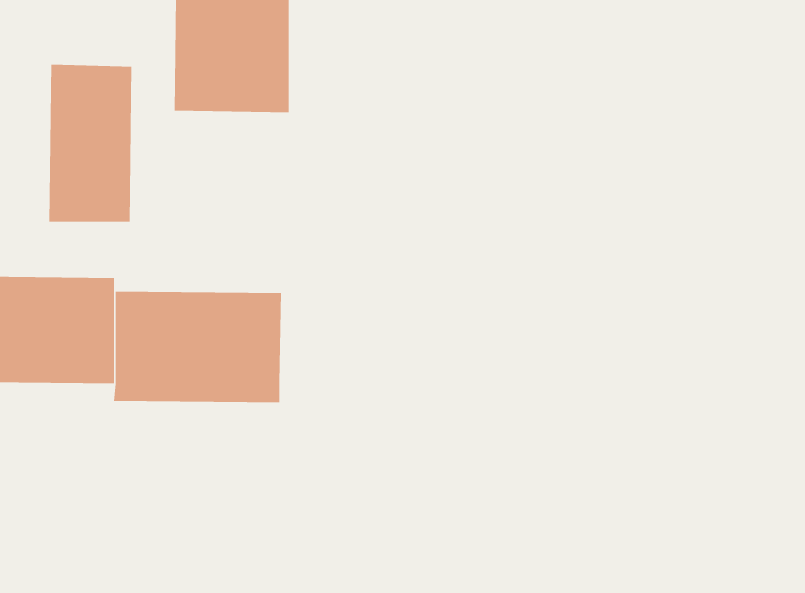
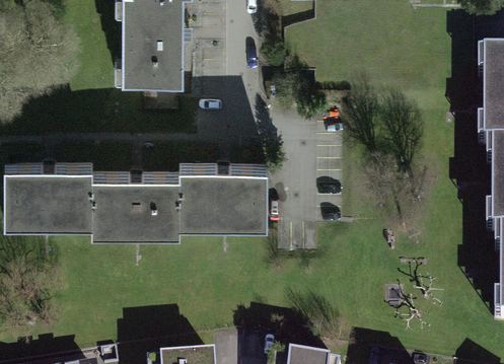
building: [49,64,132,222] -> none
building: none -> [177,171,269,226]

